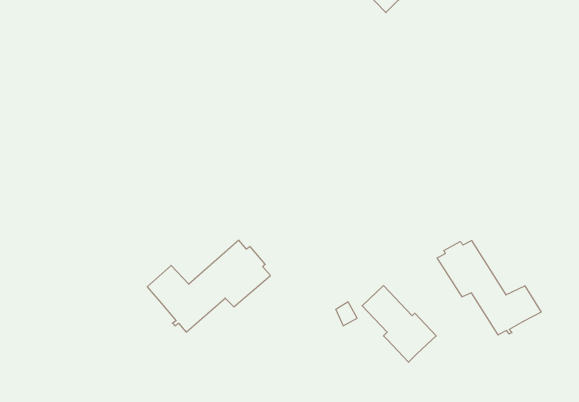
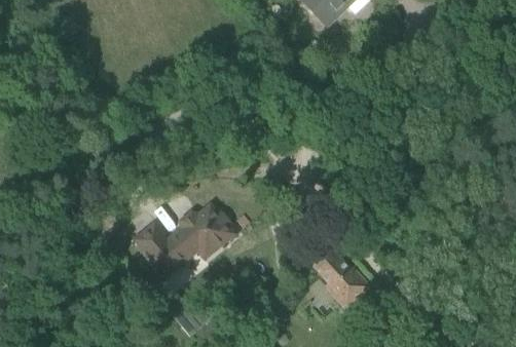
building: [437,241,541,335] -> none

